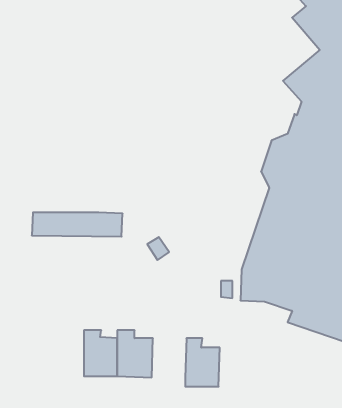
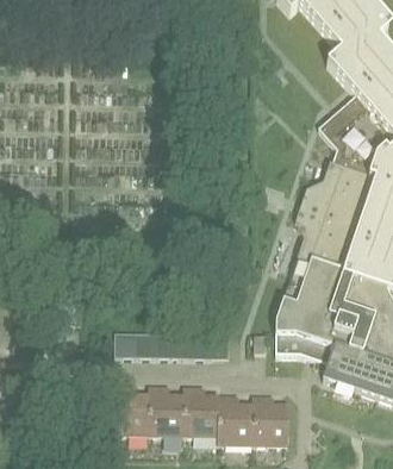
building: [32,212,123,237] -> [123,332,217,357]
building: none -> [187,386,223,434]
building: none -> [256,395,293,445]

